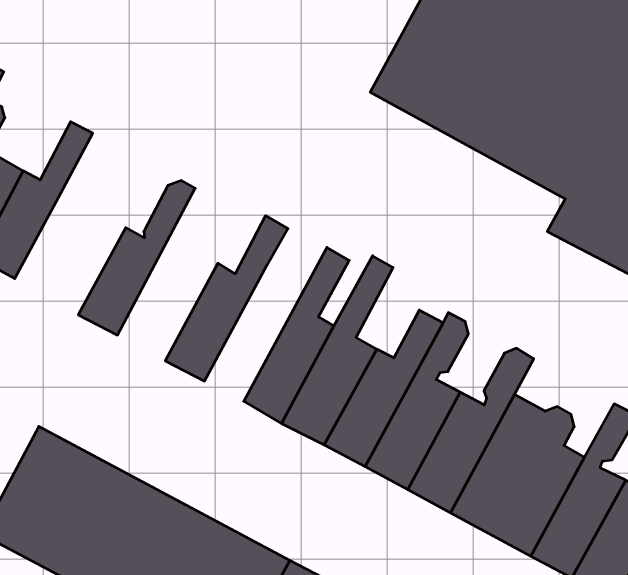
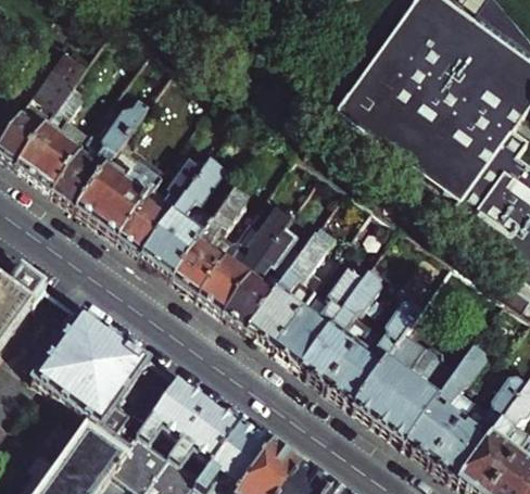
building: none -> [142,157,227,277]
building: none -> [77,153,157,238]
building: none -> [198,204,293,312]

